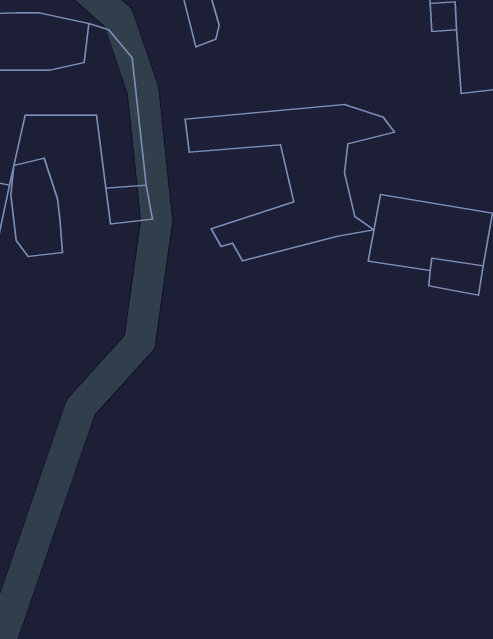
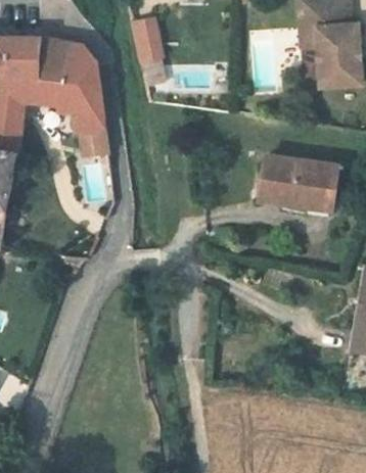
building: [185,104,394,261] -> none
building: [11,158,62,256] -> none

